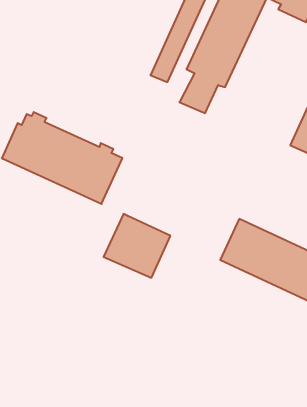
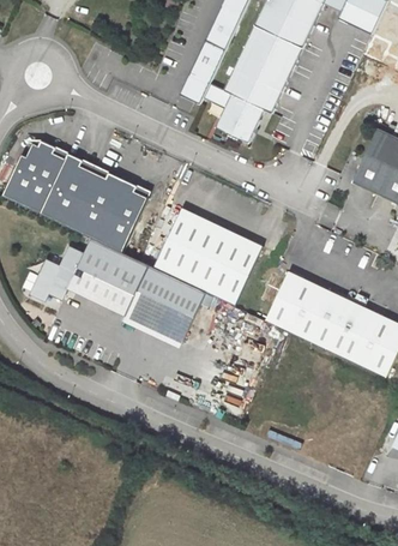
building: none -> [153,209,261,306]
building: none -> [32,239,149,317]

